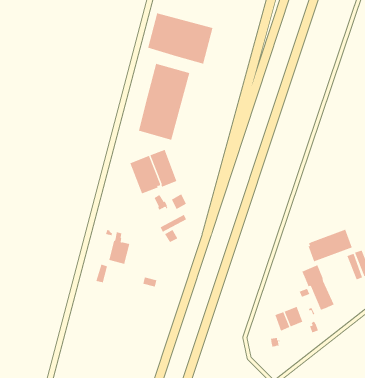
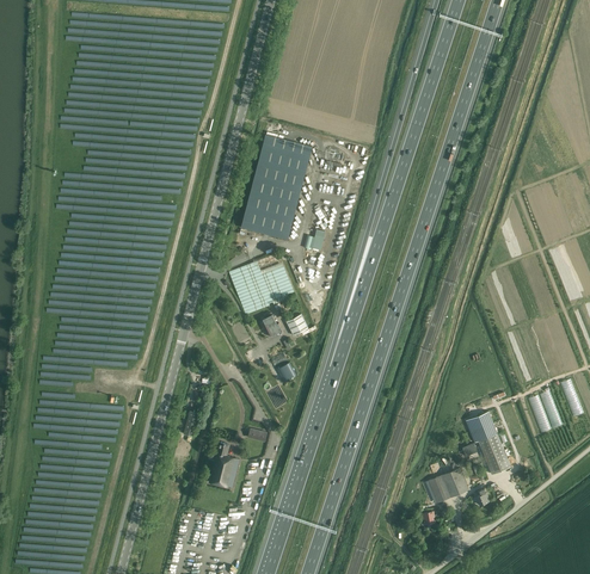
building: [147,12,213,64] -> none
building: [308,229,352,262] -> none
building: [108,232,130,264] -> [209,442,239,487]

